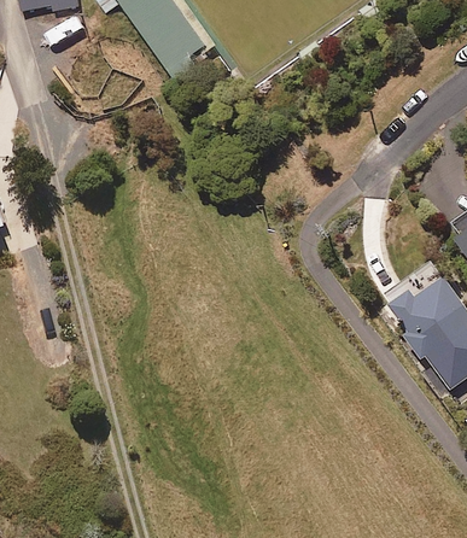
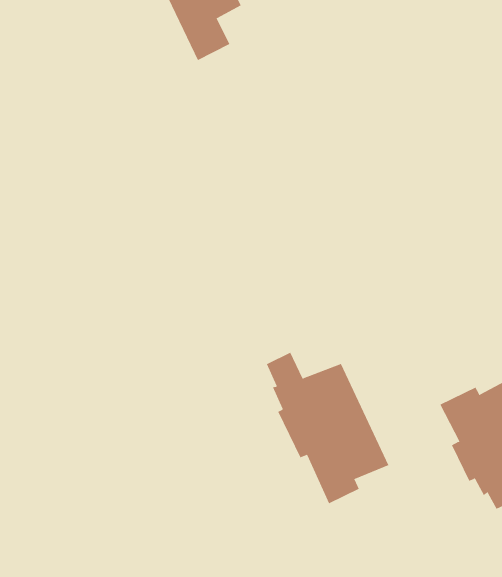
building: none -> [266,352,389,504]

